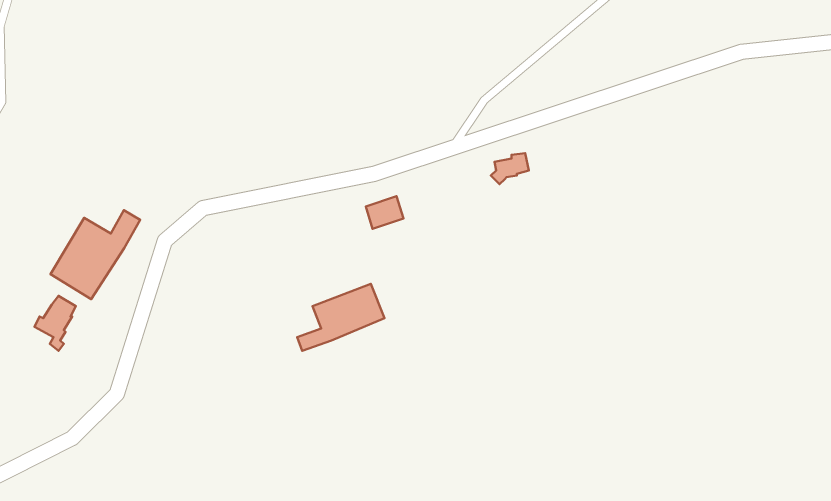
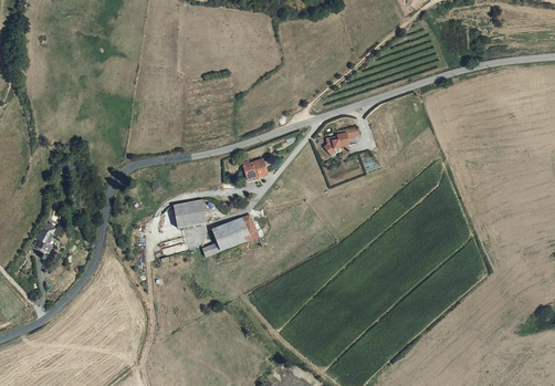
building: [51,210,140,299] -> none
building: none -> [172,198,207,228]

